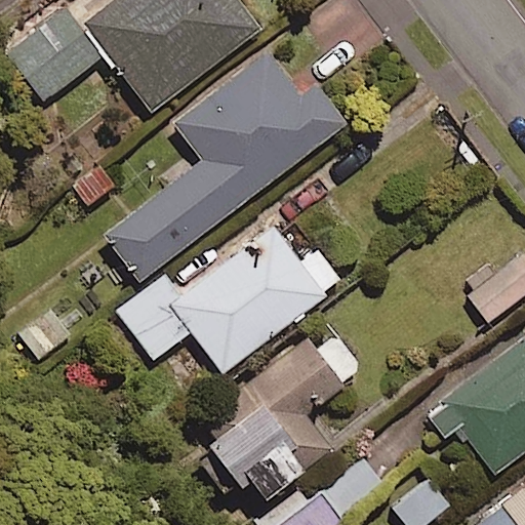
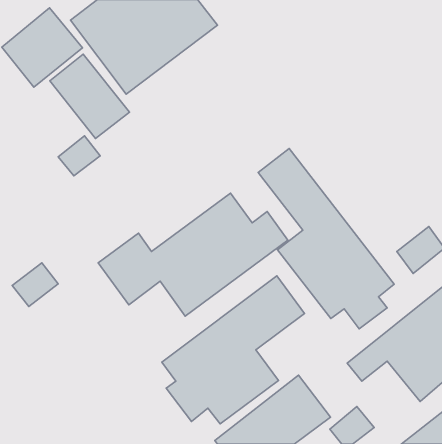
building: [107,50,345,280] -> none
building: none -> [50,54,130,138]
building: none -> [258,148,394,329]

